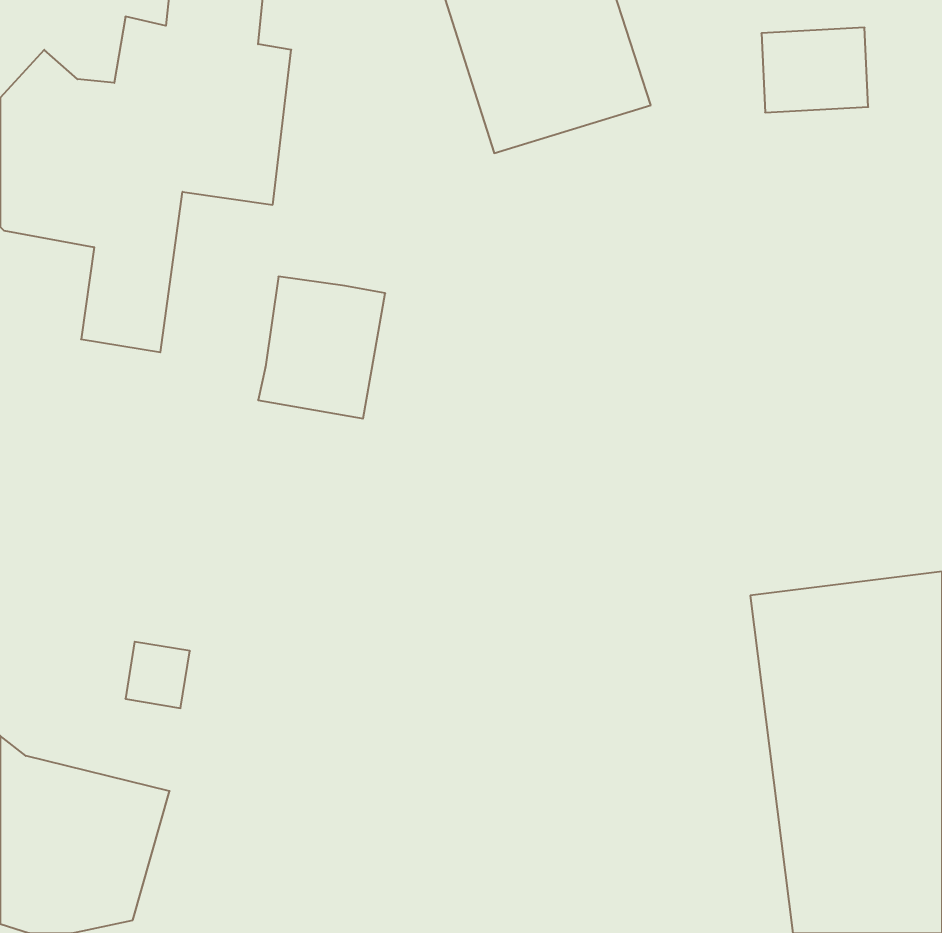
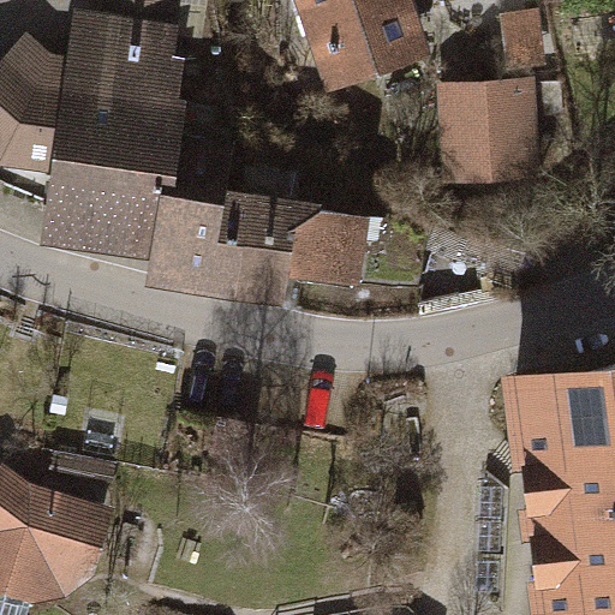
building: none -> [443,94,535,179]
building: none -> [105,125,231,239]
building: none -> [237,191,383,279]

